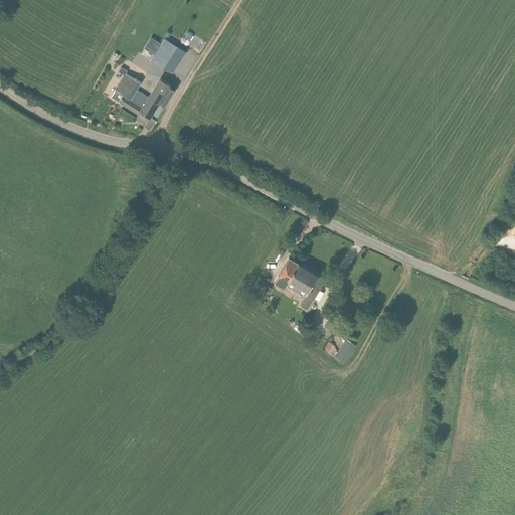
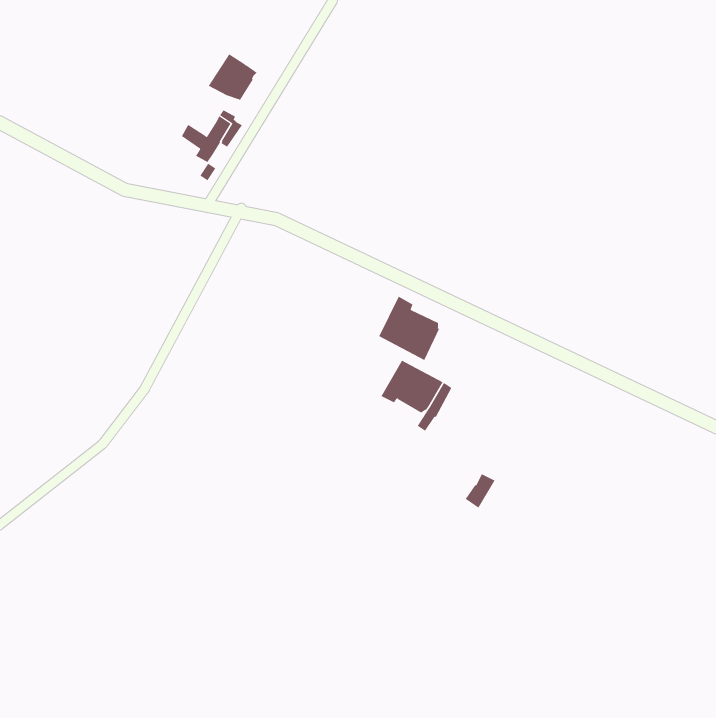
building: [111,67,143,114] -> none
building: none -> [379,296,439,361]

